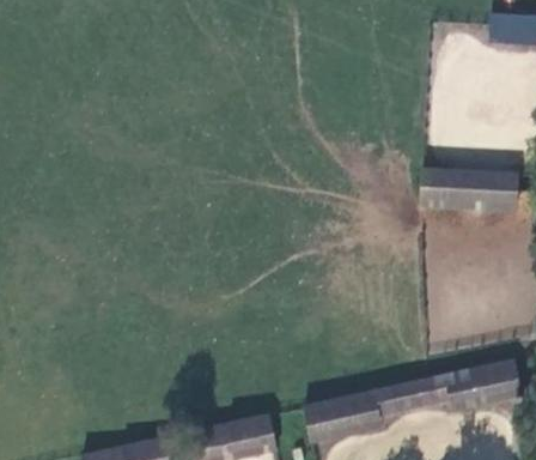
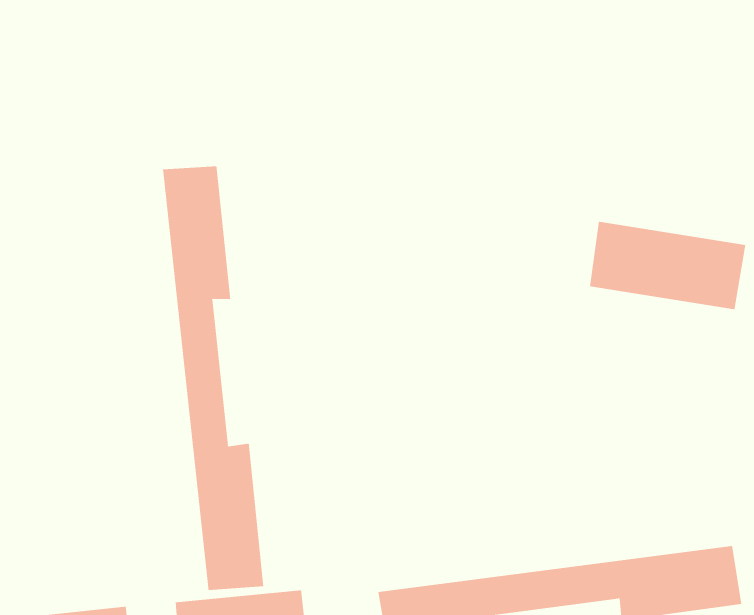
building: none -> [163,166,264,591]

